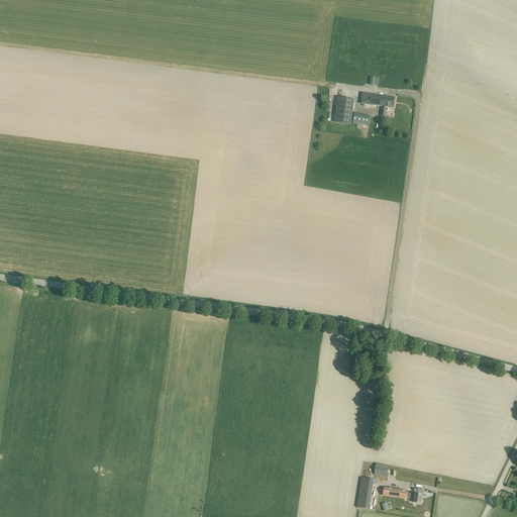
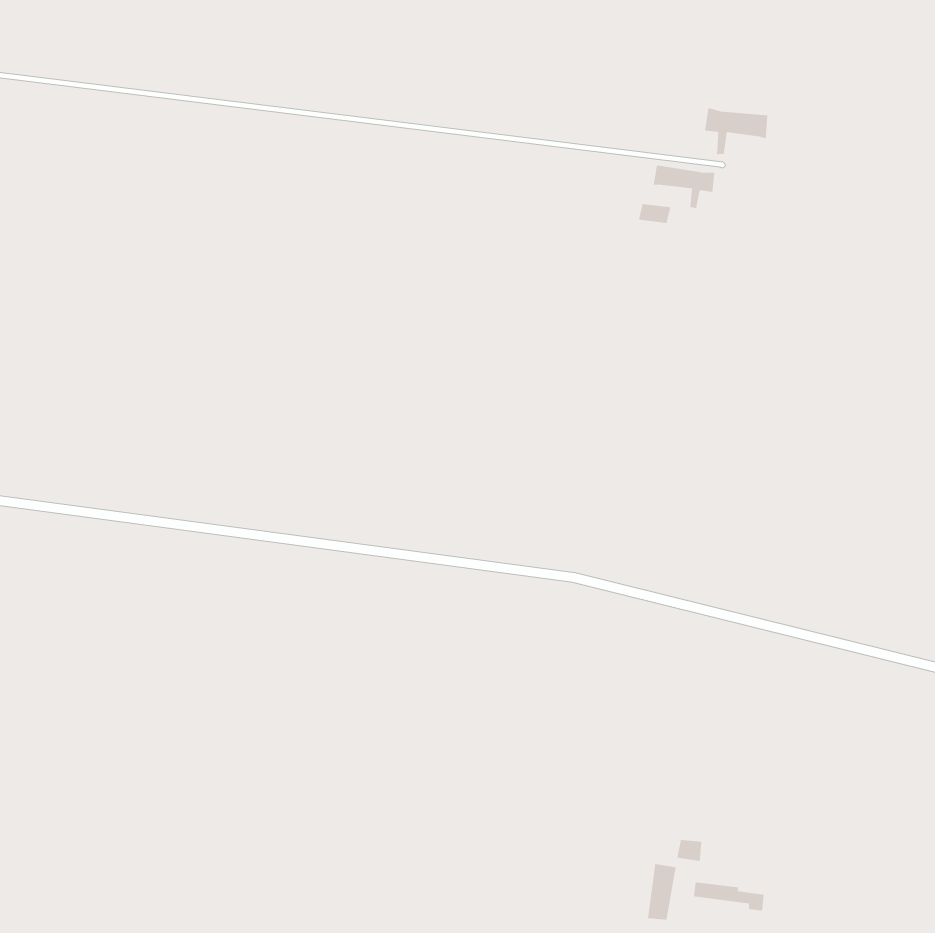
building: none -> [705,107,768,155]
building: [334,95,353,122] -> none

